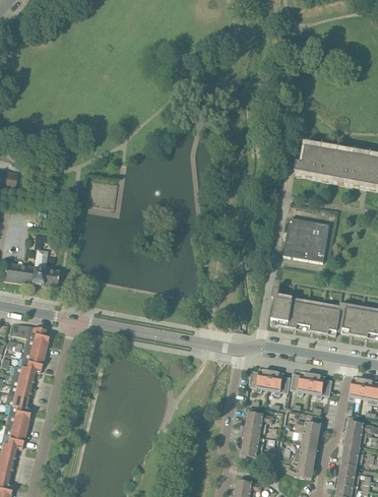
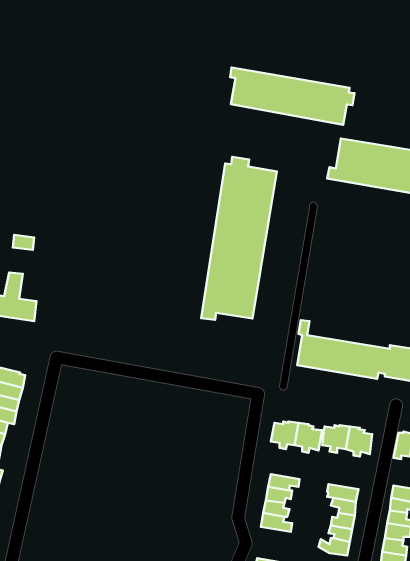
building: none -> [230,67,354,125]
building: none -> [201,157,277,320]
building: [284,218,329,261] -> none

